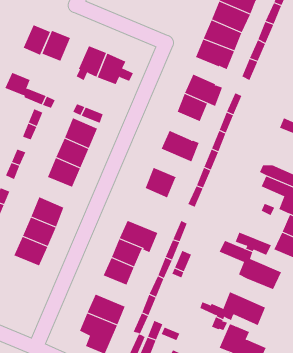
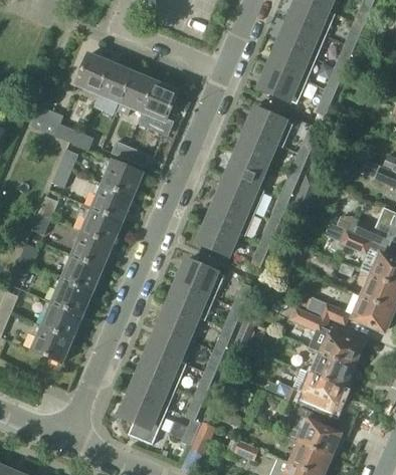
building: [23,24,51,55] -> [97,64,131,101]
building: none -> [227,153,264,187]
building: none -> [208,197,254,236]
building: none -> [71,231,112,267]
building: none -> [177,259,223,297]
building: none -> [31,324,72,363]
building: none -> [139,348,185,386]
building: none -> [311,352,352,387]

